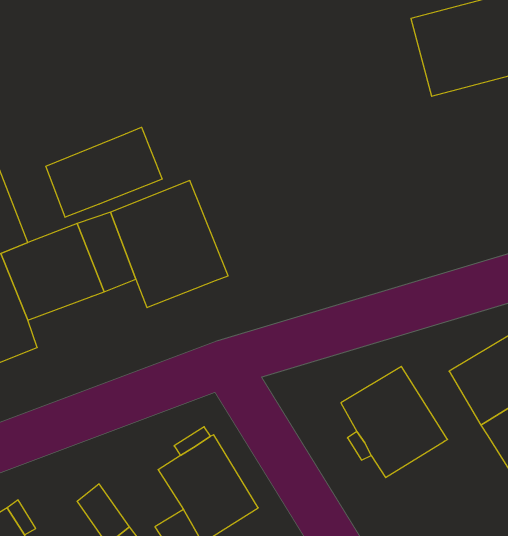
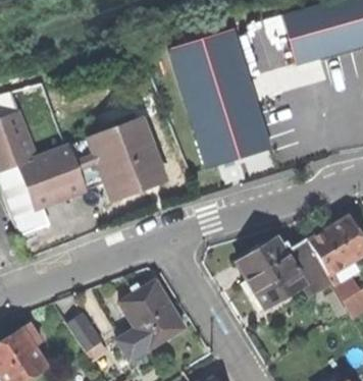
building: none -> [169,29,270,168]
building: [46,127,162,217] -> none
building: none -> [281,238,331,294]

